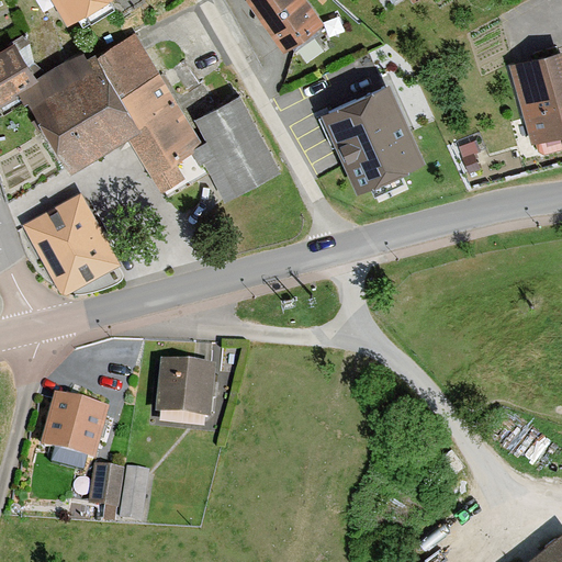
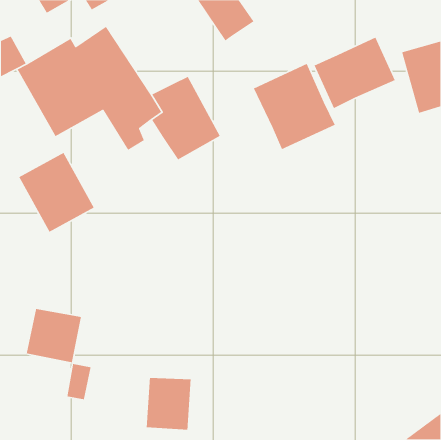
building: none -> [313,36,396,109]
building: [150,361,209,429] -> [146,377,192,431]
building: [108,467,145,515] -> none

